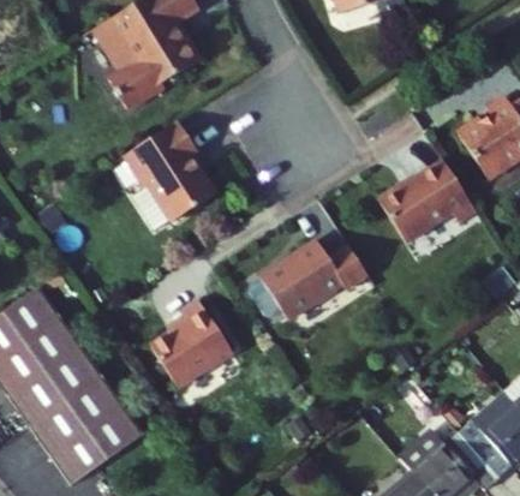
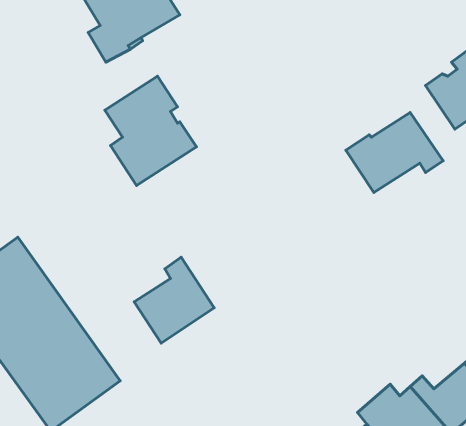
building: [256,239,373,318] -> none

